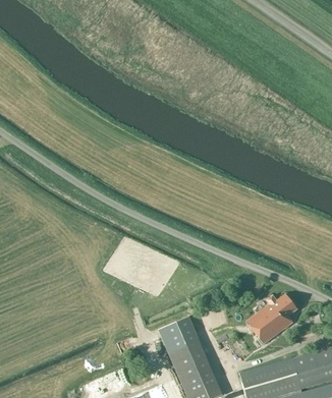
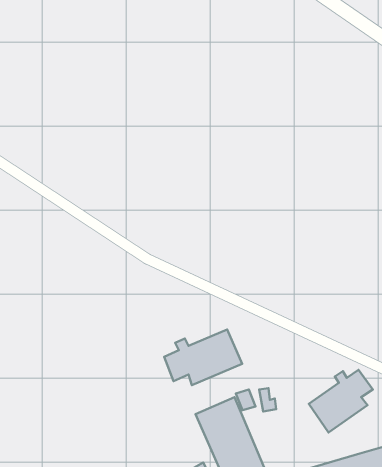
building: none -> [164,329,242,385]

